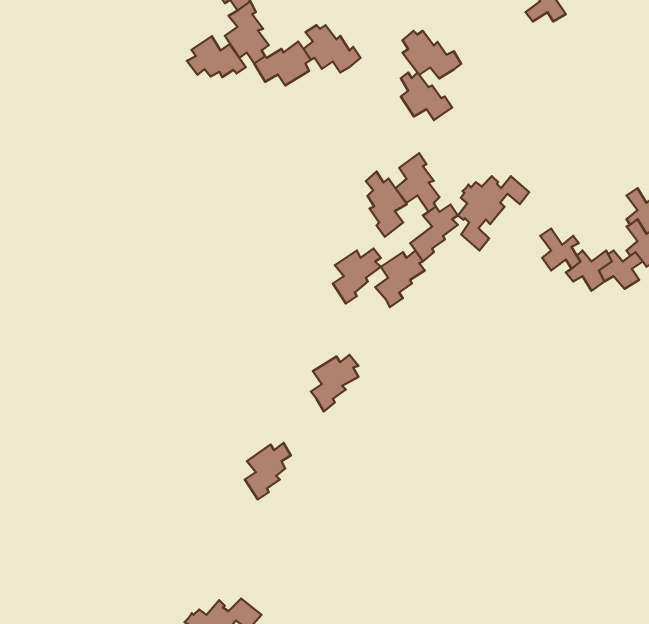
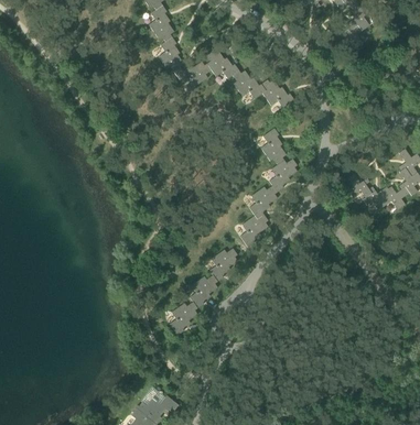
building: [403,31,461,79] -> [231,70,267,99]
building: [187,36,246,77] -> none
building: [366,172,407,237] -> none
building: [458,176,529,250] -> none
building: [333,249,381,303] -> [239,215,268,248]
building: none -> [189,275,216,309]

